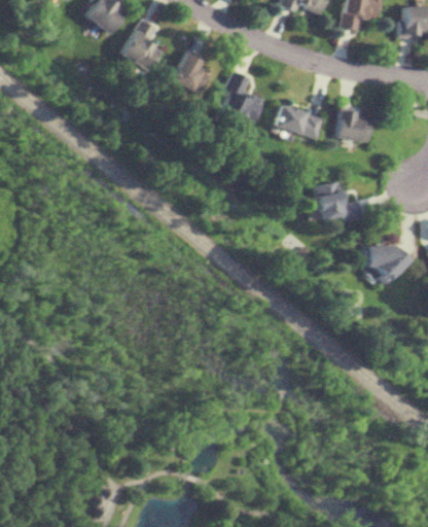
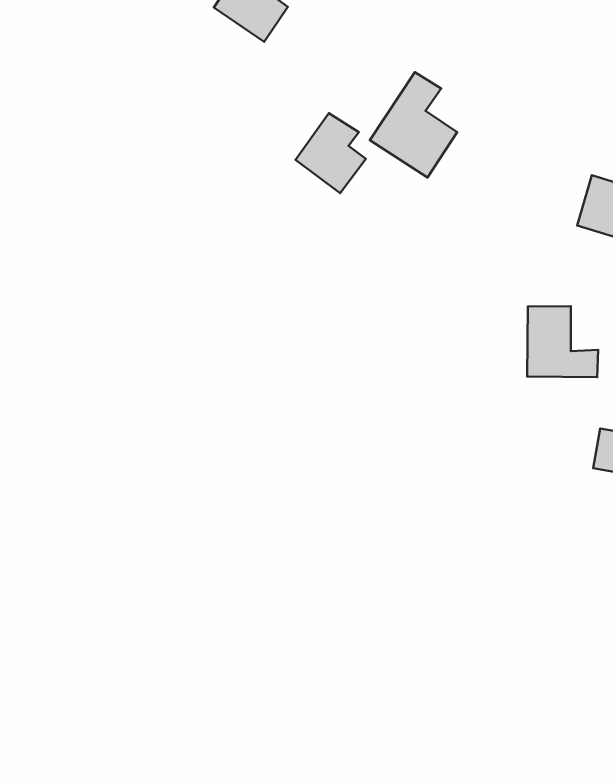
building: [174,54,211,95] -> [295,113,366,193]
building: [275,105,324,139] -> none

